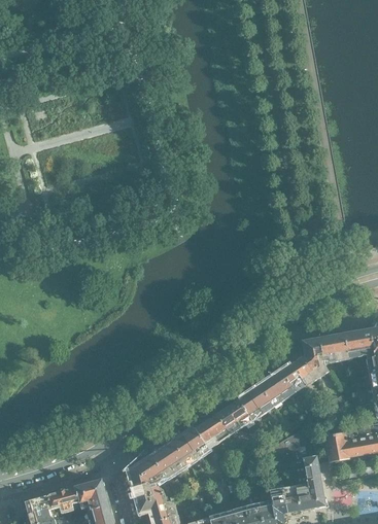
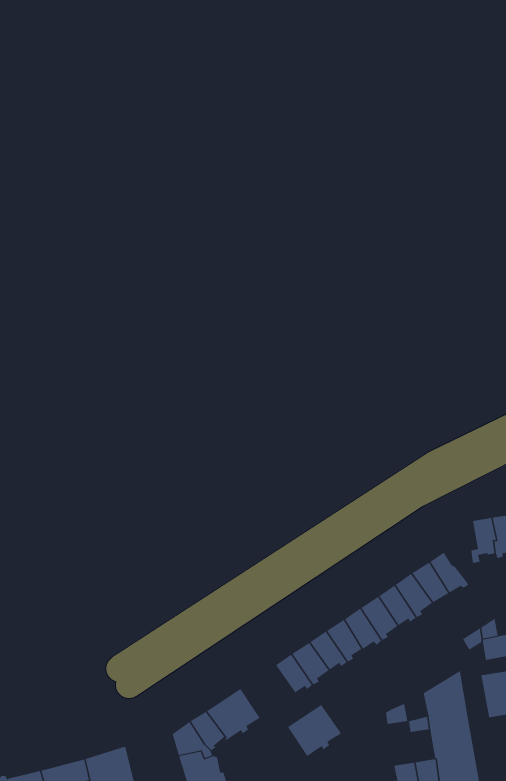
building: [303,340,330,378] -> none
building: [175,430,209,463] -> [287,704,341,757]

